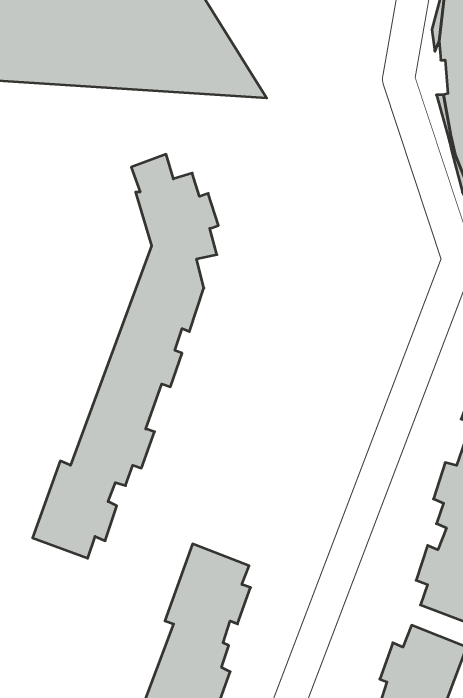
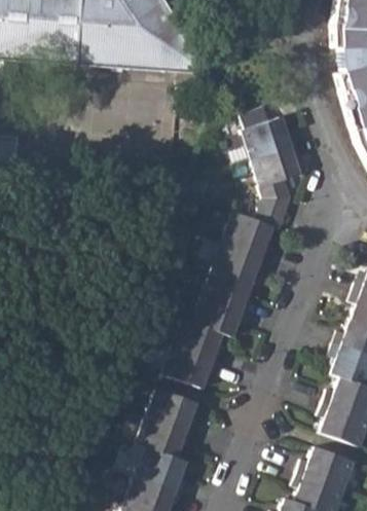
building: [33,154,218,558] -> [168,103,299,389]

